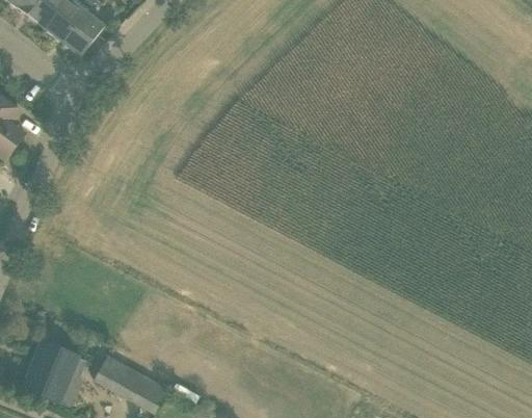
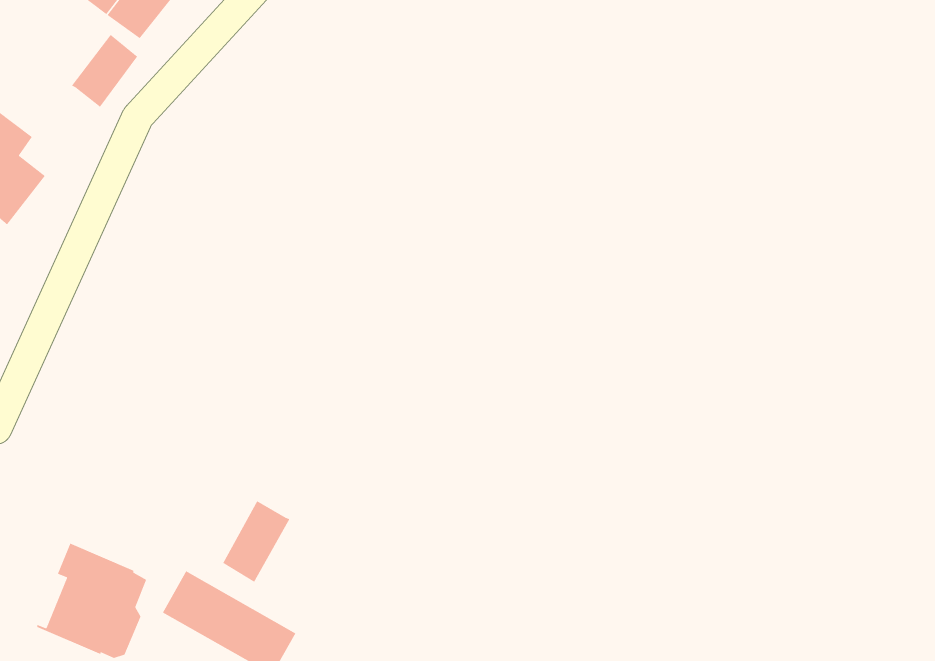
building: none -> [71,34,138,108]
building: none -> [222,500,291,583]

